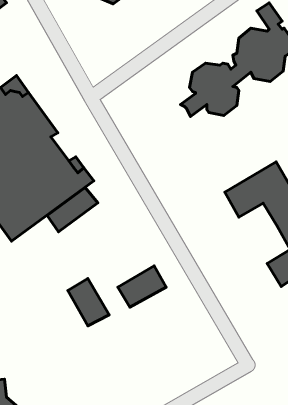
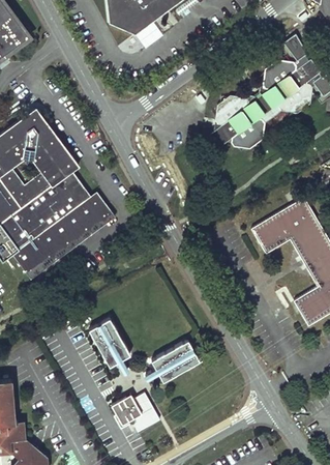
building: [47,187,98,232] -> none
building: [118,266,166,307] -> [151,340,201,382]
building: none -> [111,393,159,433]

